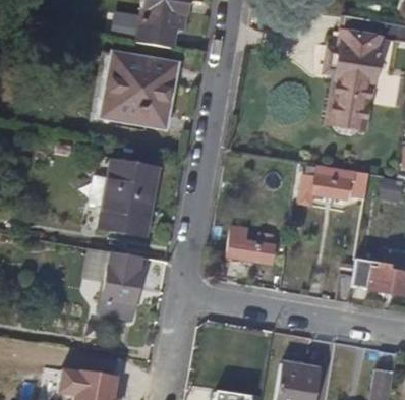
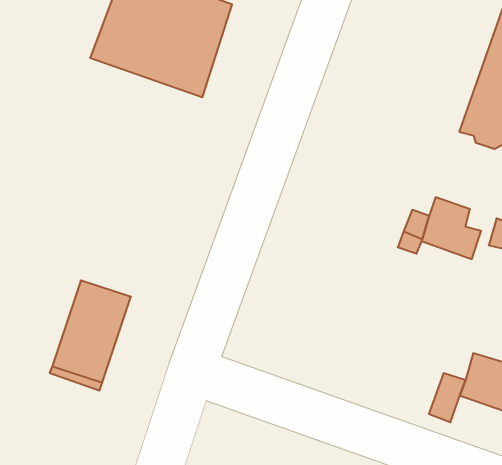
building: [101,160,160,235] -> none
building: [230,227,275,264] -> none

